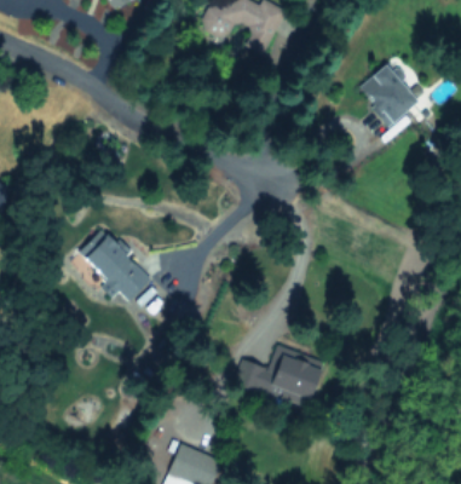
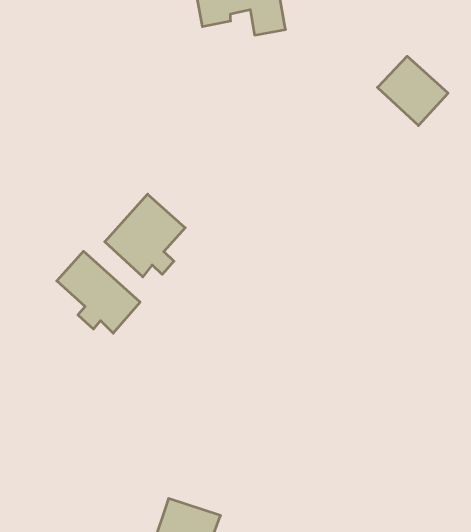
building: none -> [105,194,185,277]
building: [246,346,321,405] -> none

